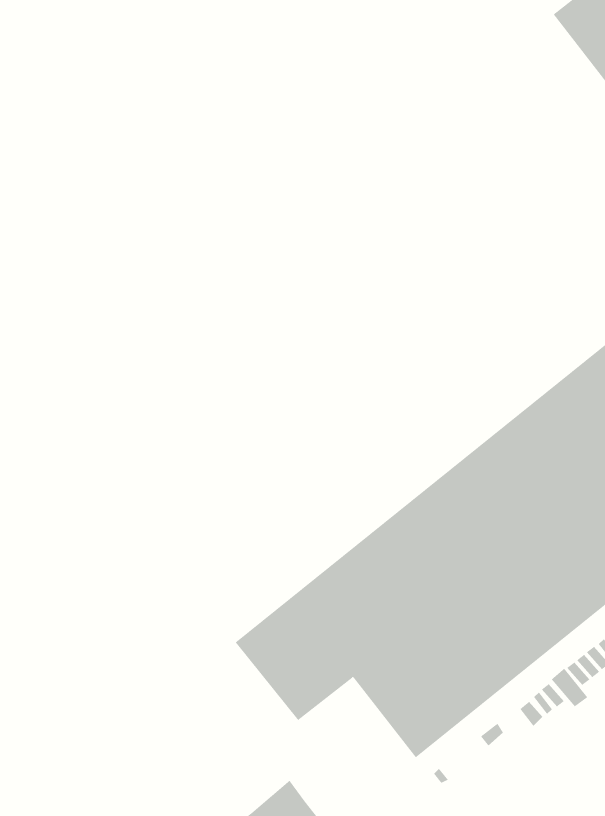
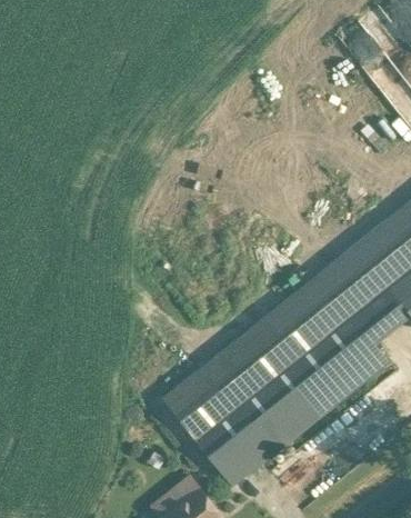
building: none -> [199,418,265,488]

